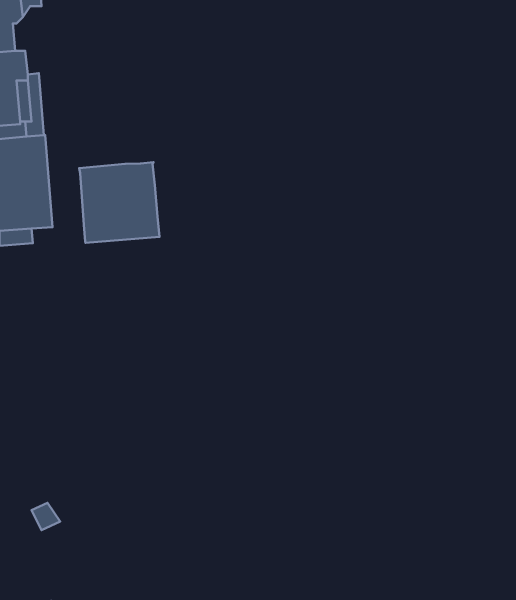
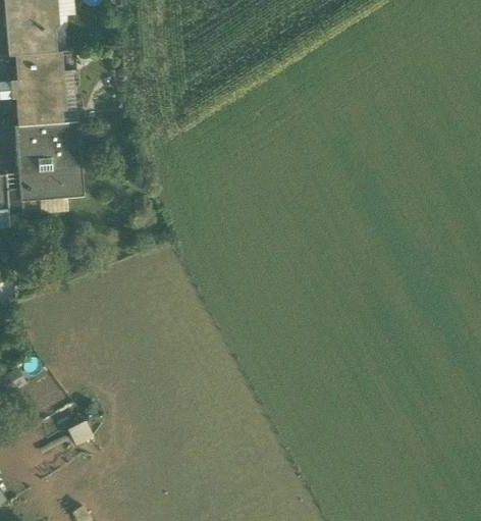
building: [79,162,159,243] -> none

